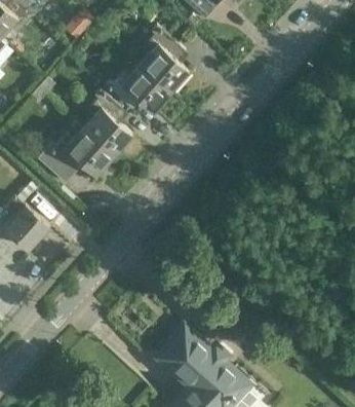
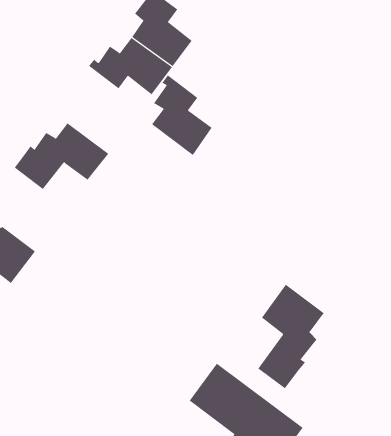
building: [82,89,130,155] -> [151,75,213,156]
building: none -> [258,284,324,389]

